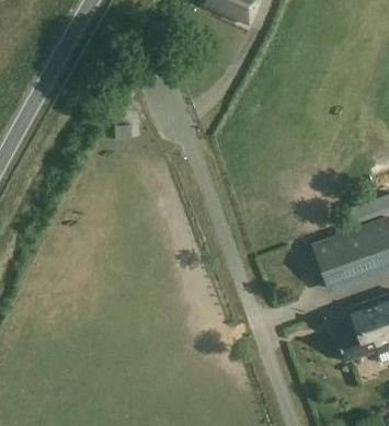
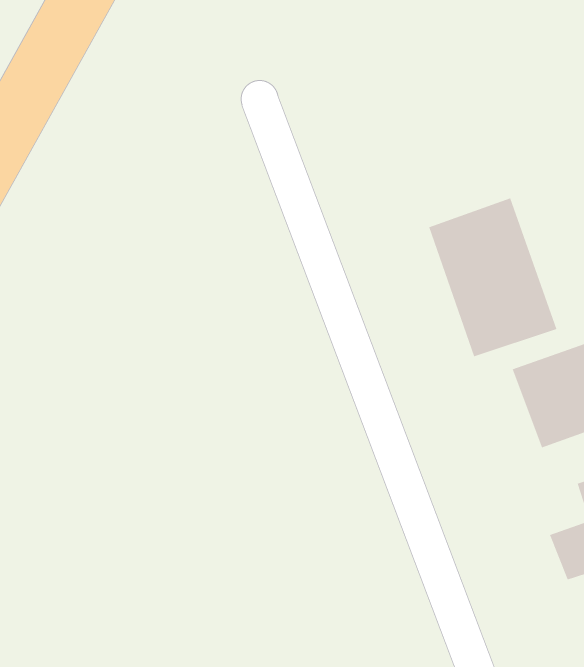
building: none -> [428,198,557,357]

